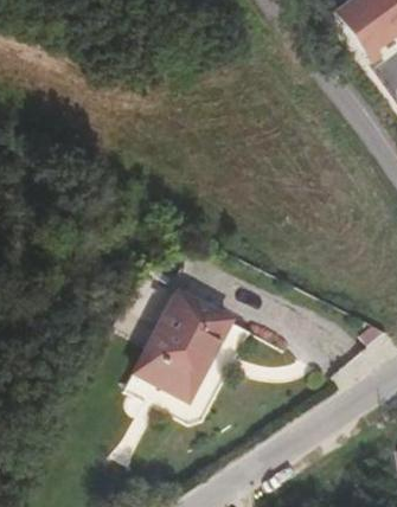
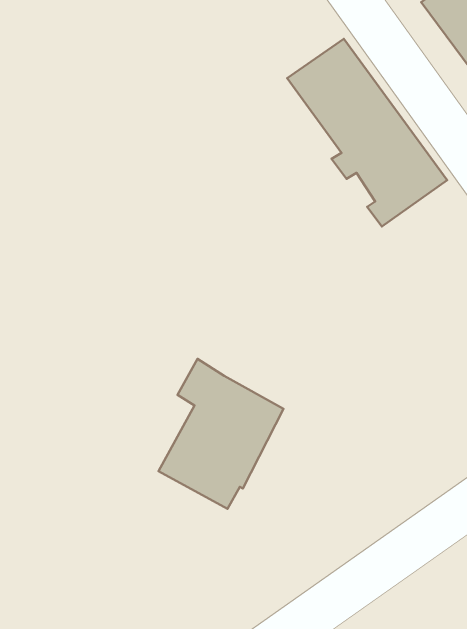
building: none -> [287,39,447,226]

